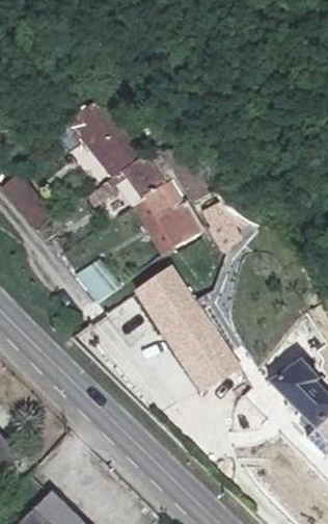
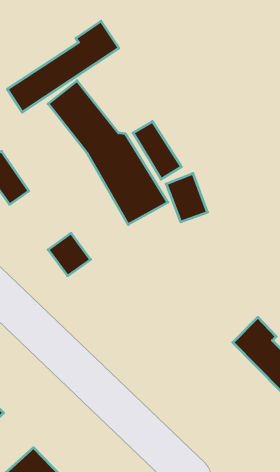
building: none -> [7,21,119,112]
building: [141,276,238,388] -> none

